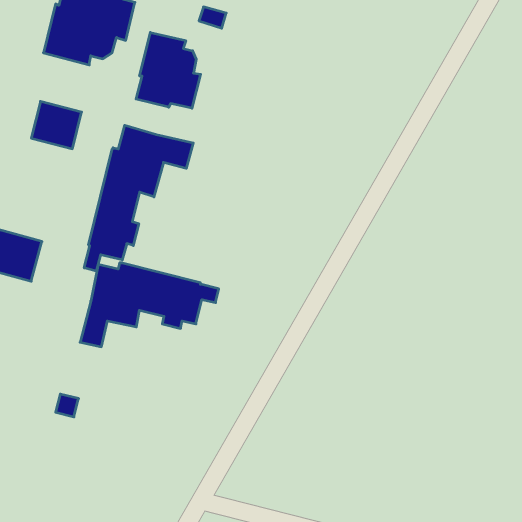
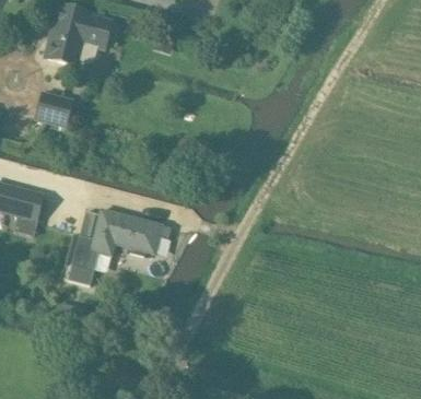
building: [136,32,201,108] -> none
building: [84,125,193,271] -> none

